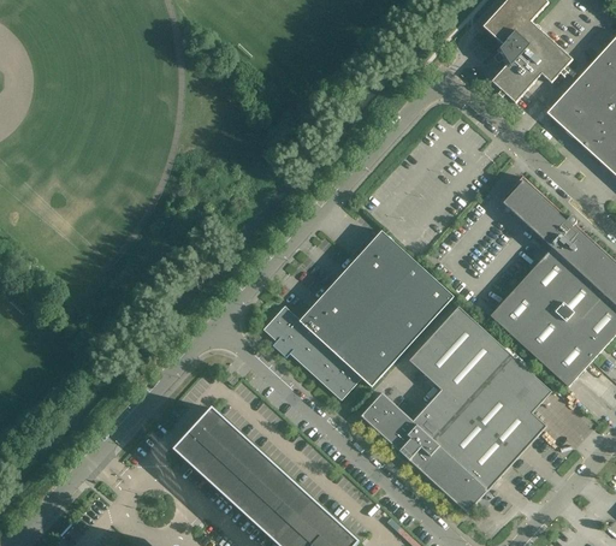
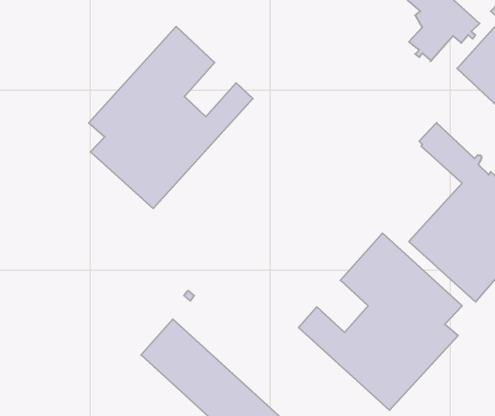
building: none -> [89,27,253,208]
building: [262,231,452,400] -> none

